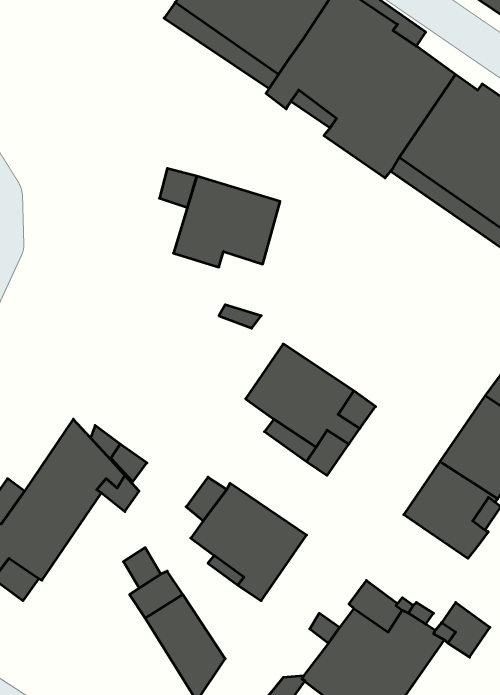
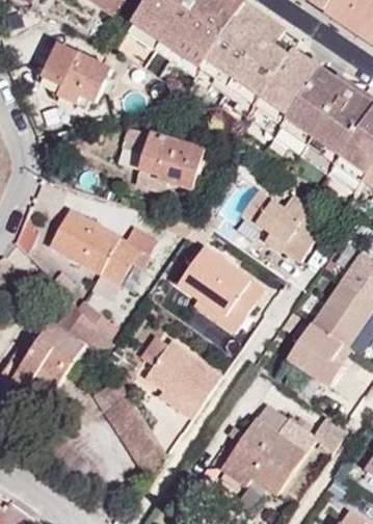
building: none -> [44,44,111,105]
building: none -> [238,188,318,259]
building: none -> [46,209,149,299]

